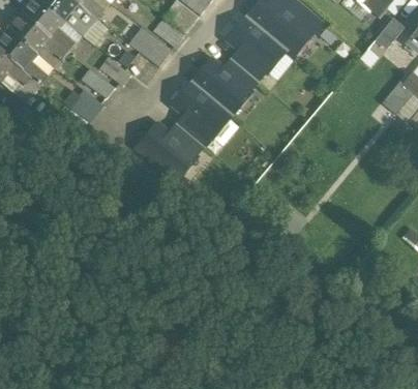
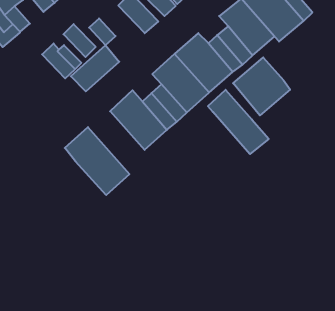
building: none -> [233,57,290,115]
building: none -> [71,45,119,91]
building: none -> [208,90,269,154]
building: none -> [65,127,129,195]

